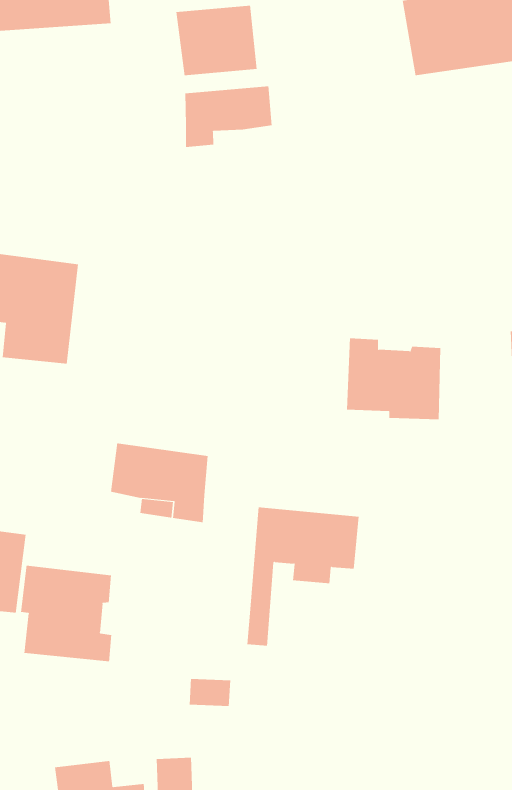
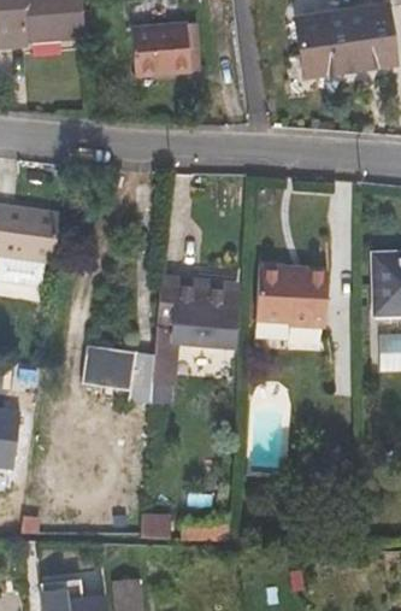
building: [185,85,272,148] -> none
building: [246,507,360,646] -> [152,281,235,383]
building: [21,565,112,662] -> none

